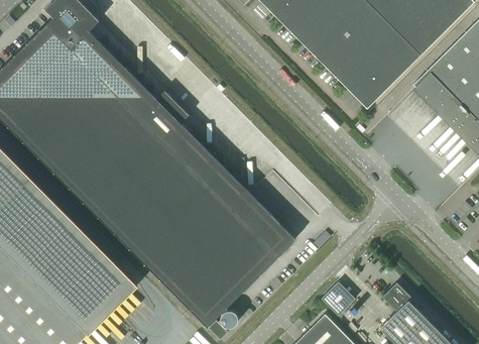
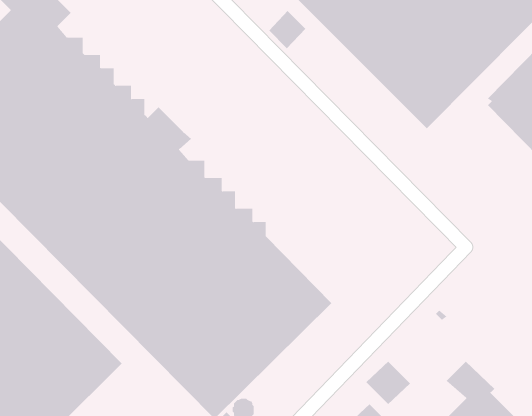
building: none -> [268,10,306,49]

